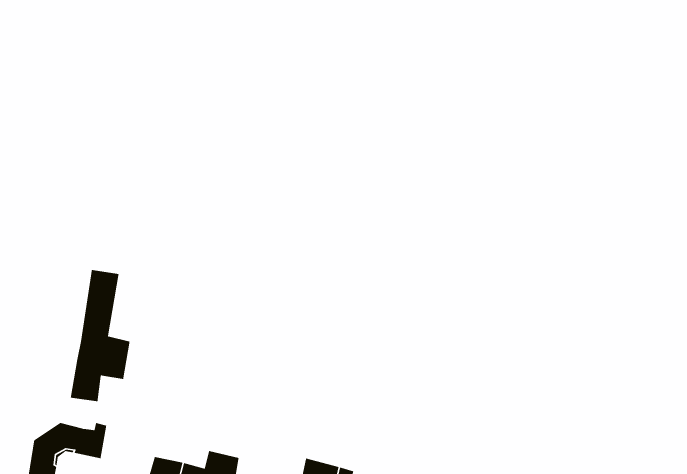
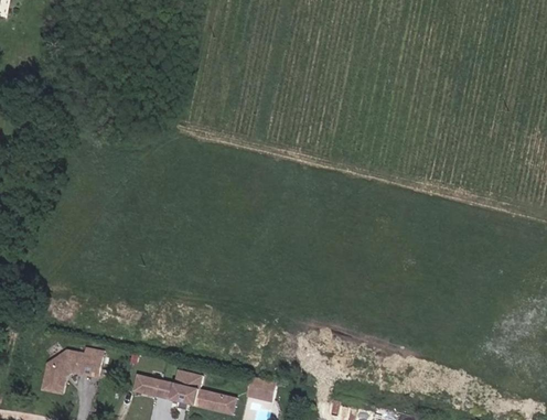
building: [70,269,130,402] -> none

